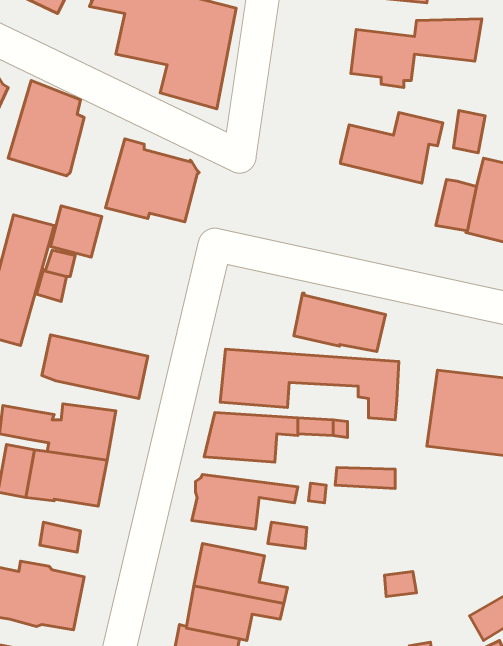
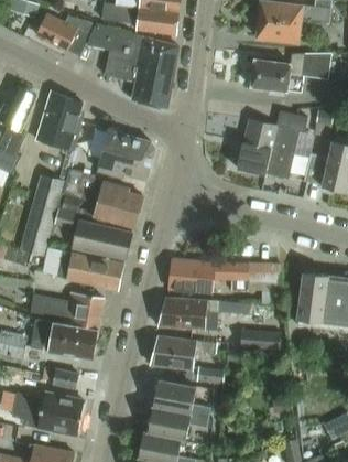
building: none -> [93,180,142,226]
building: none -> [72,221,132,258]
building: [294,293,386,352] -> [237,141,294,178]

